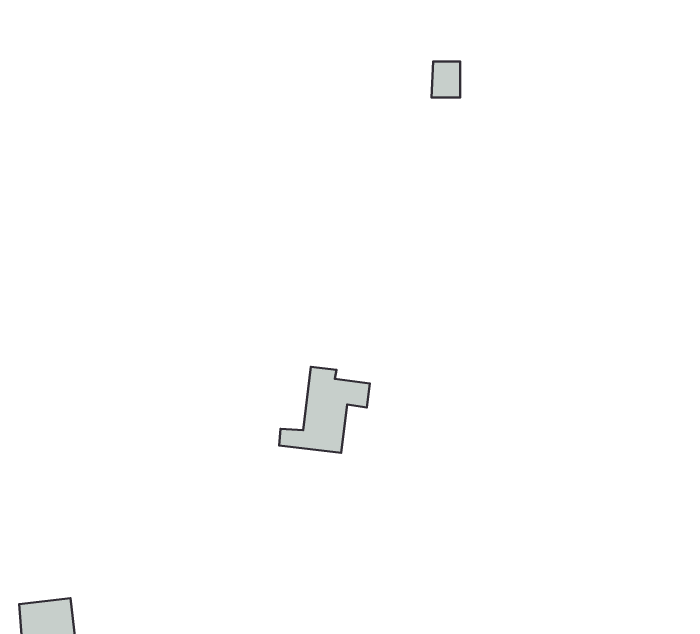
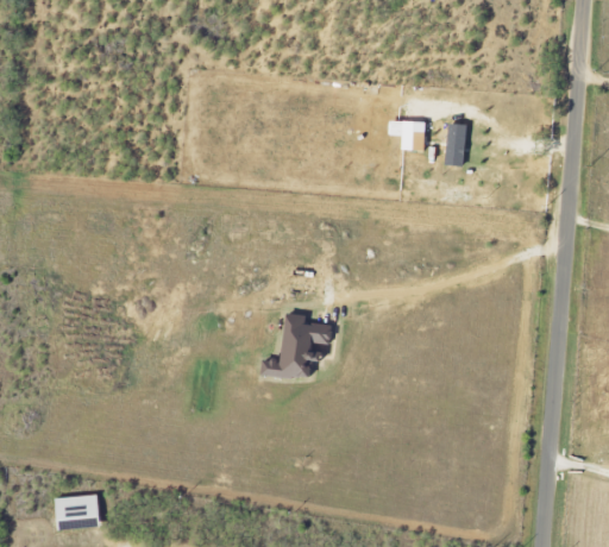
building: [432,61,460,98] -> [402,121,425,150]
building: none -> [444,122,467,166]

